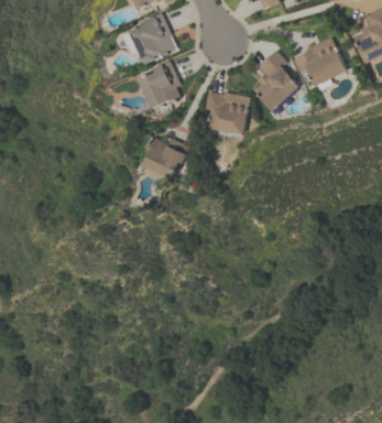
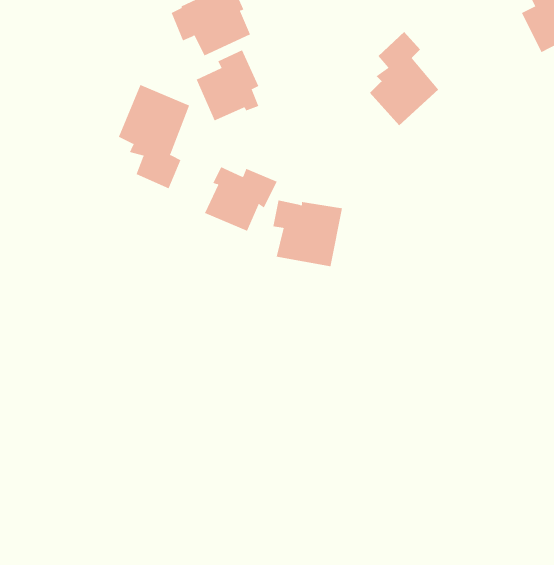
building: [294,35,347,86] -> none
building: none -> [118,84,190,189]
building: [205,90,251,134] -> [273,200,343,267]

